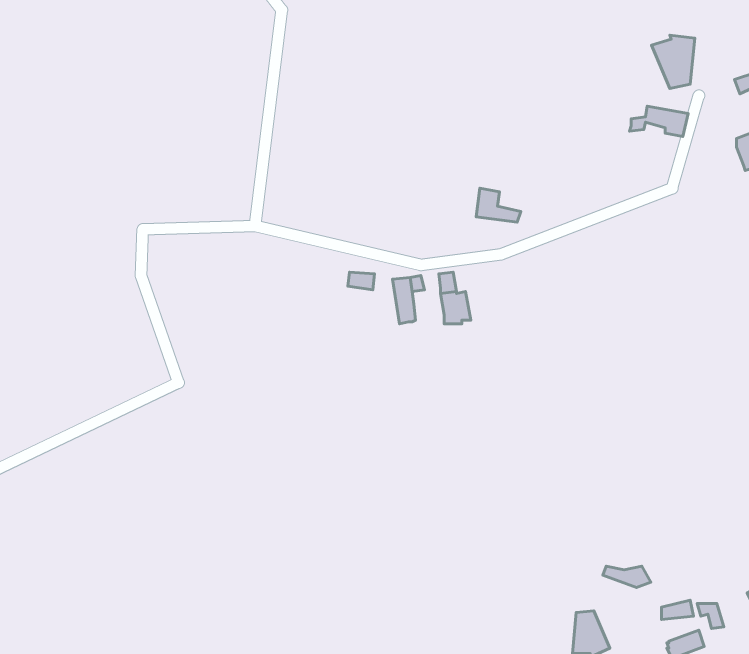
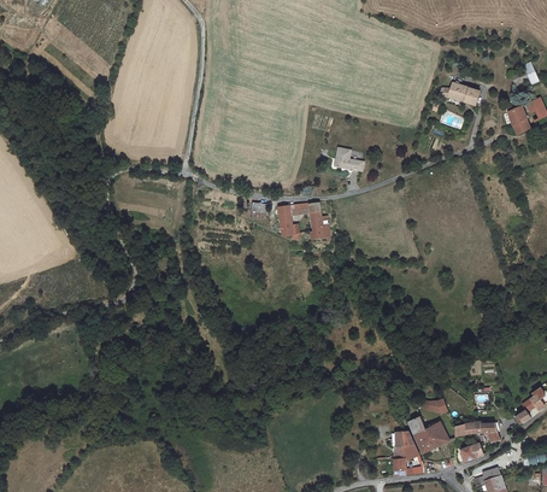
building: [652,35,695,88] -> none
building: none -> [411,416,451,452]

